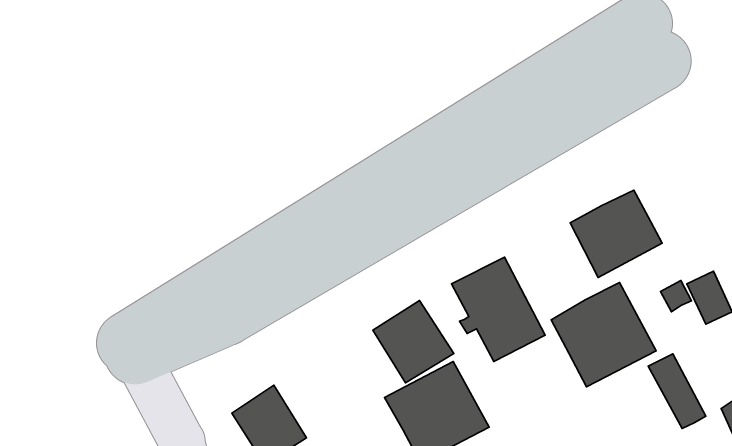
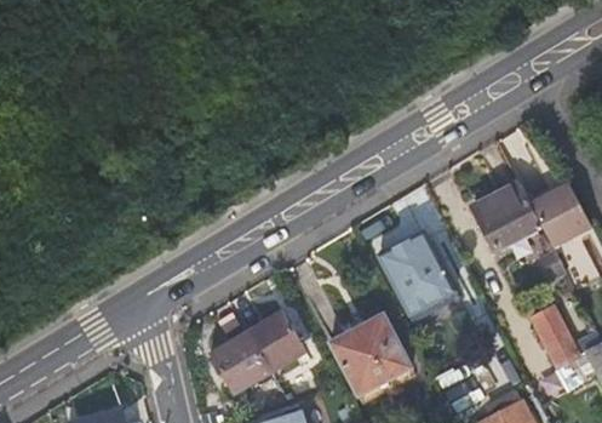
building: none -> [532,183,590,245]
building: [551,283,656,387] -> none
building: [373,300,454,383] -> [241,310,304,375]

